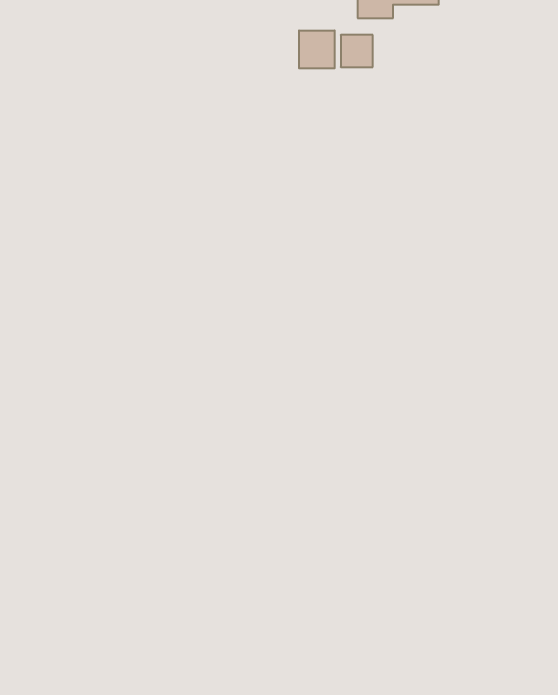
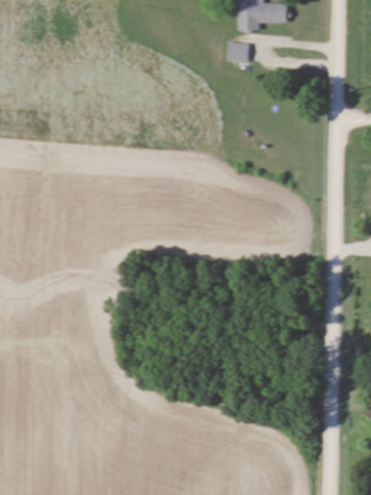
building: [299,30,335,68] -> none

